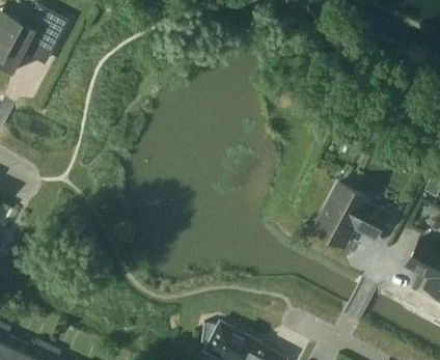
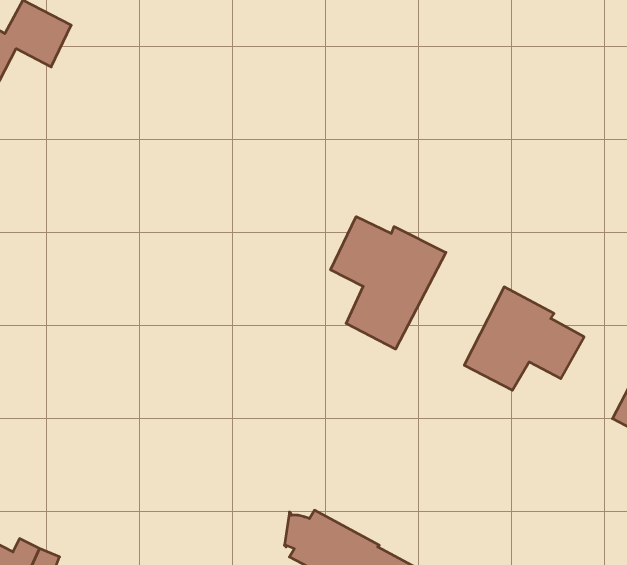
building: none -> [331,217,446,349]

